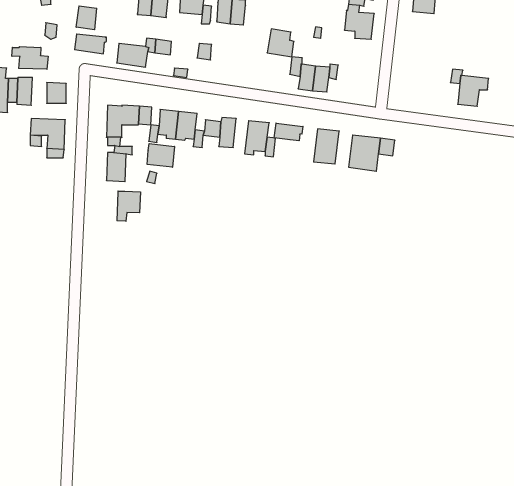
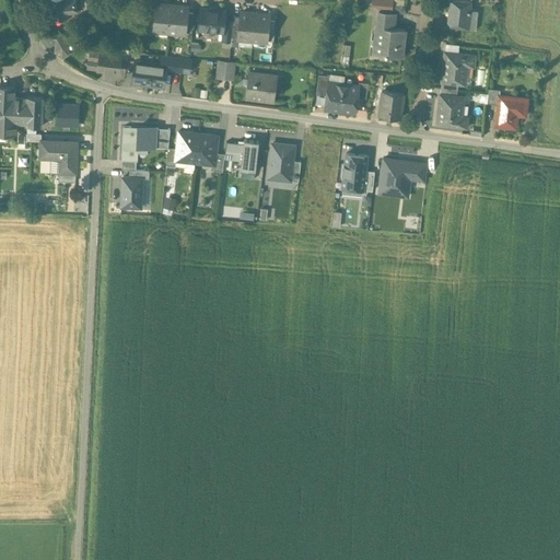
building: [76,6,97,30] -> none
building: [267,29,294,57] -> [246,72,275,102]
building: none -> [441,52,475,84]
building: [12,47,48,69] -> none
building: none -> [378,92,404,119]
building: none -> [436,94,467,127]
building: [274,123,303,141] -> none
building: [147,144,174,167] -> none
building: [117,191,140,221] -> none

